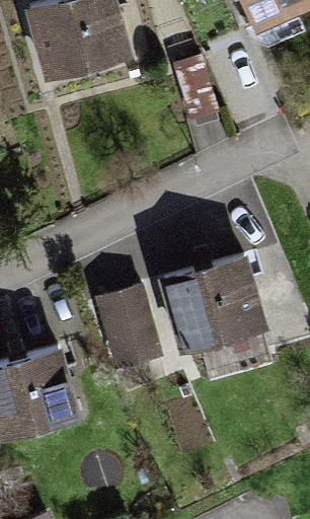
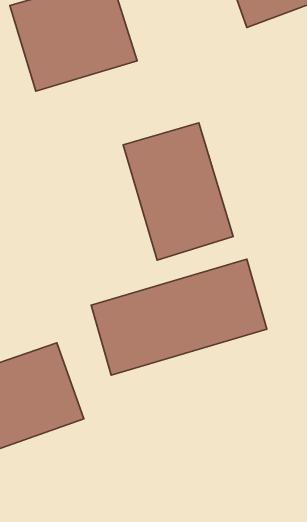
building: none -> [123,123,233,260]

